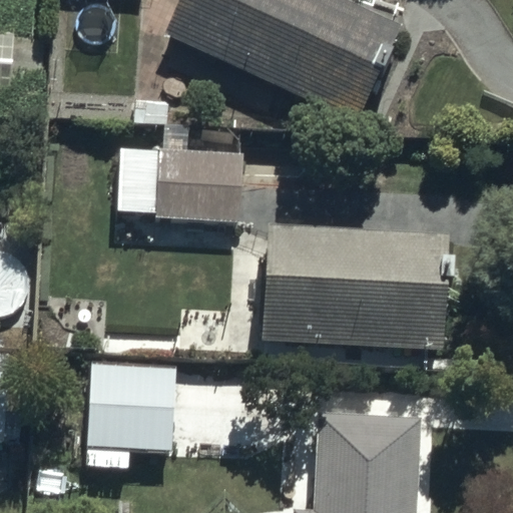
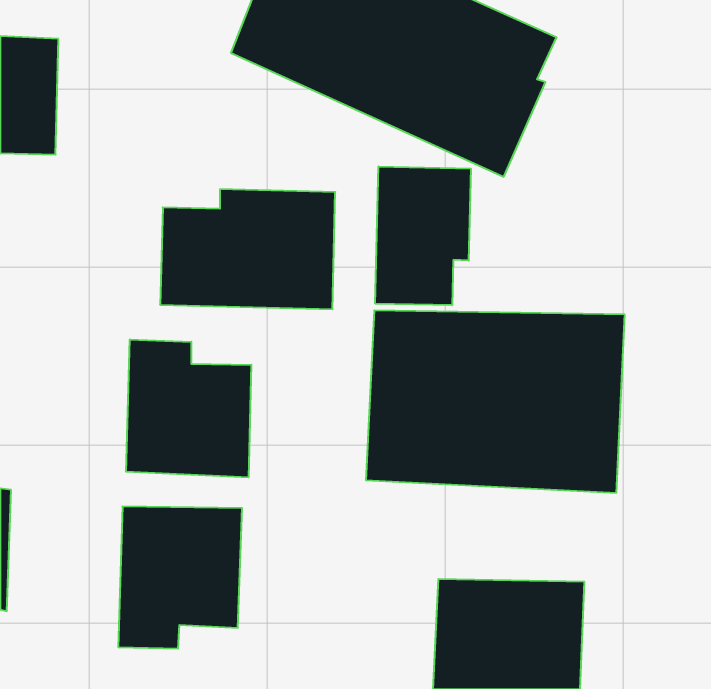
building: none -> [375,166,471,305]
building: none -> [126,339,251,477]

